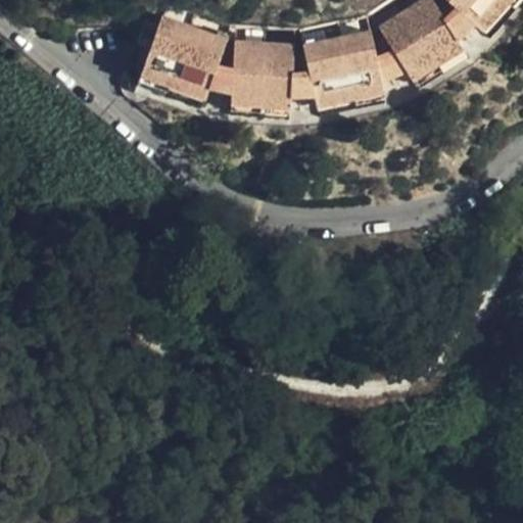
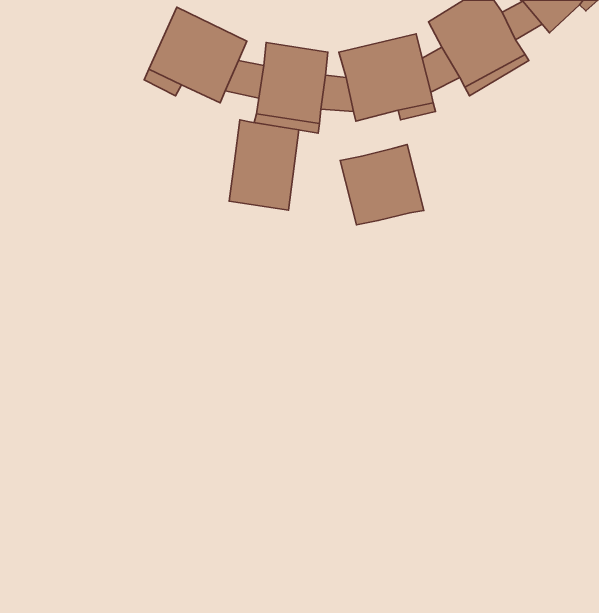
building: none -> [229,120,299,210]
building: none -> [340,145,424,225]

